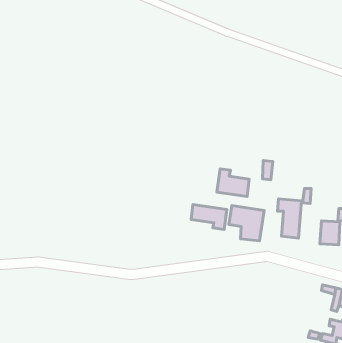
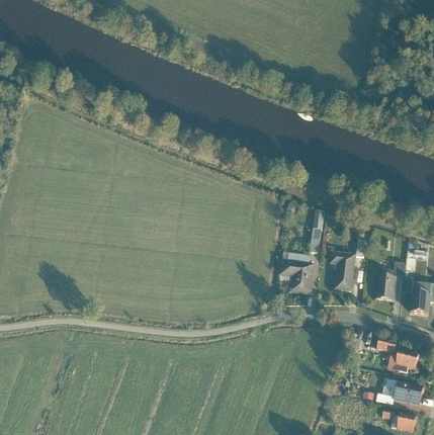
building: [217,169,249,197] -> none
building: [191,204,227,230] -> none

